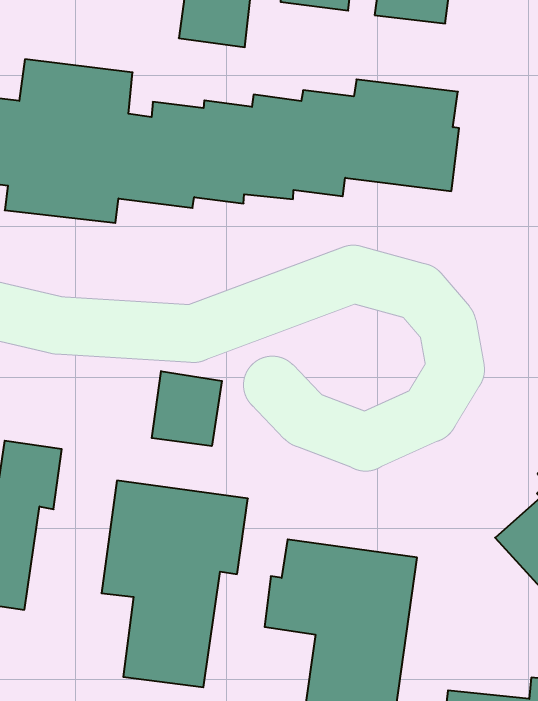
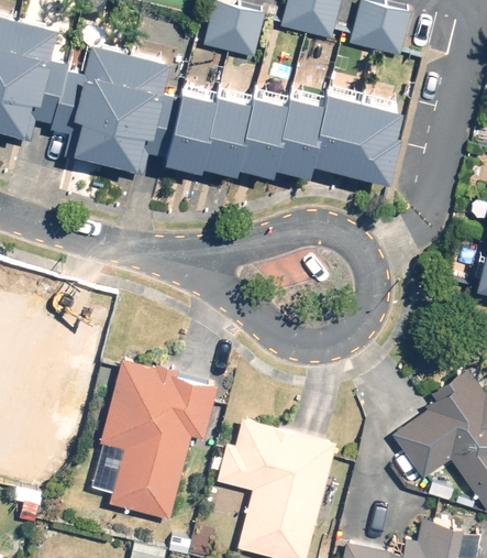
building: [152,371,222,446] -> none

